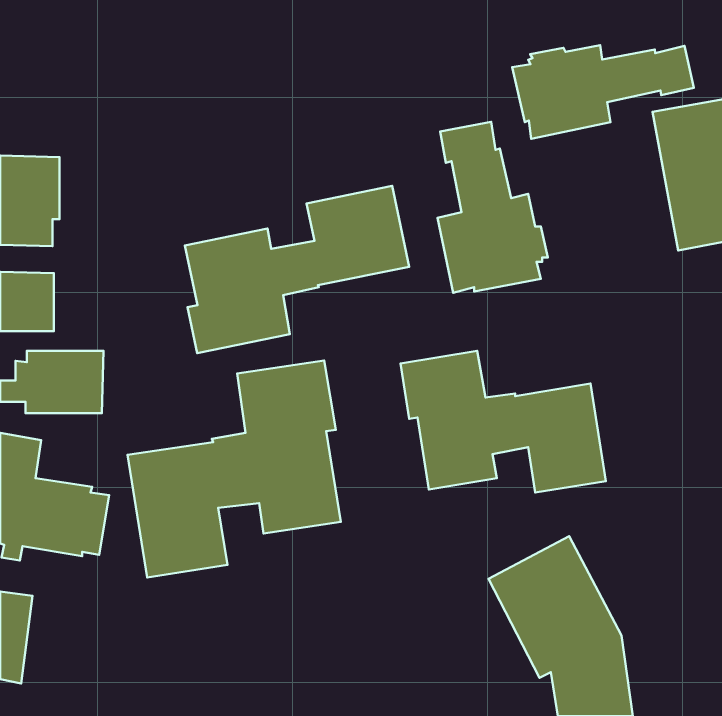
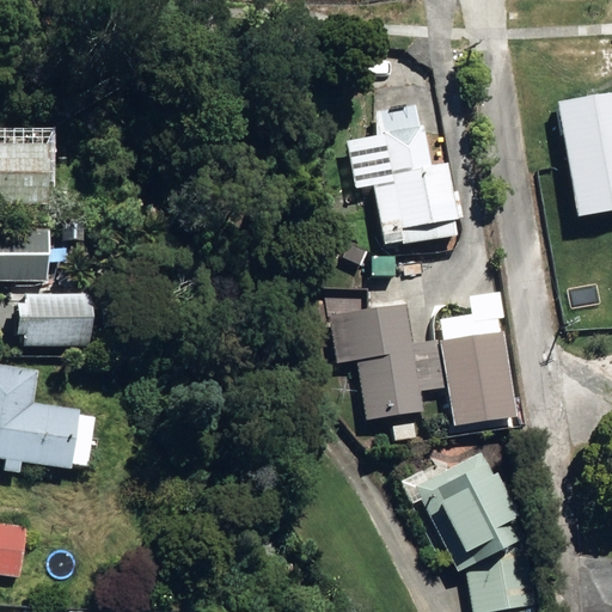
building: [512,45,694,139] -> none
building: [185,186,409,353] -> none
building: [128,360,341,578] -> none

